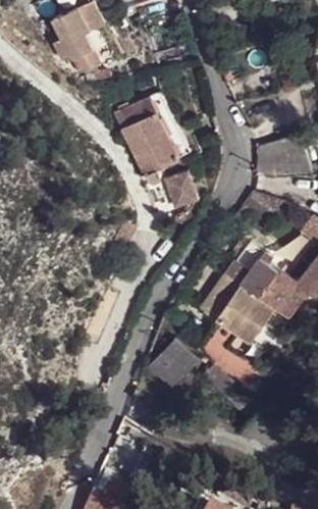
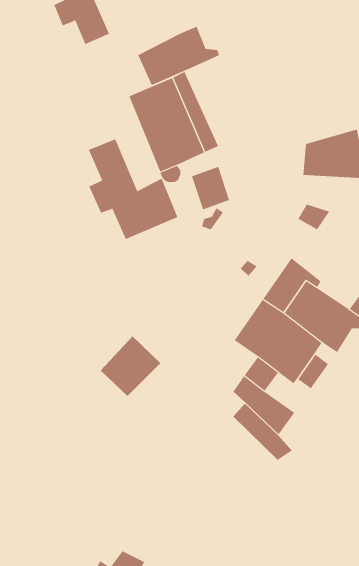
building: none -> [137,26,220,86]
building: none -> [88,138,178,240]
building: [146,336,196,386] -> [100,336,161,397]

